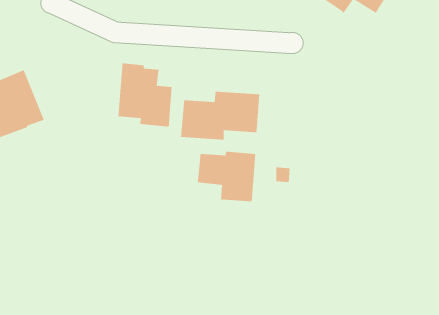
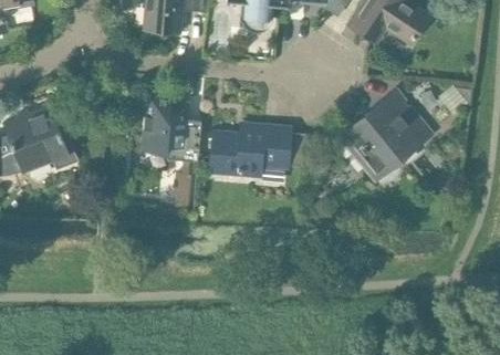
building: none -> [341,88,433,182]
building: [197,151,256,202] -> none

